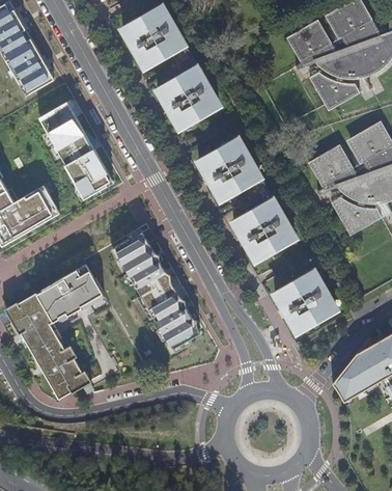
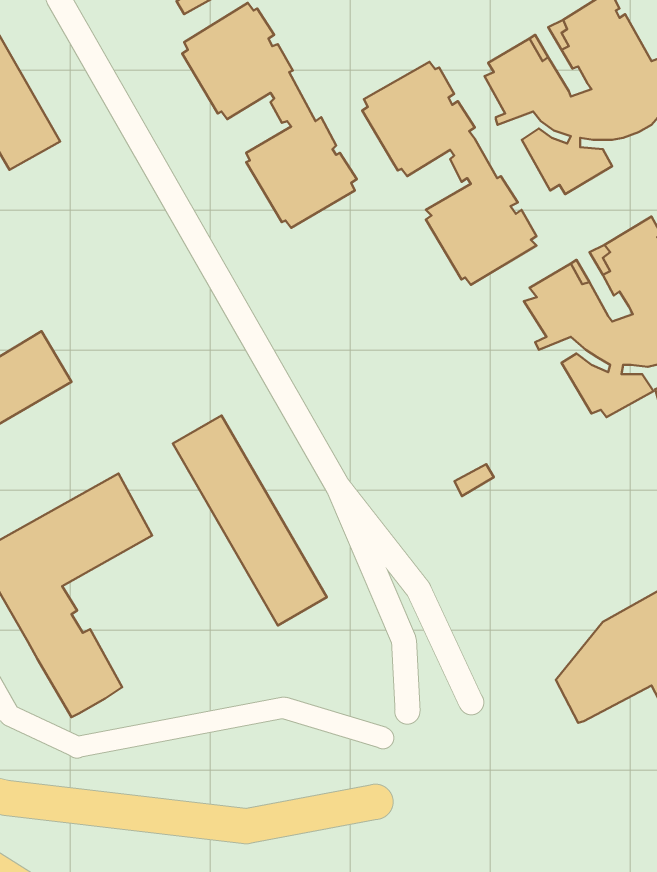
building: [38,102,113,199] -> none
building: [198,138,295,262] -> [362,62,537,285]
building: [275,269,335,333] -> none

